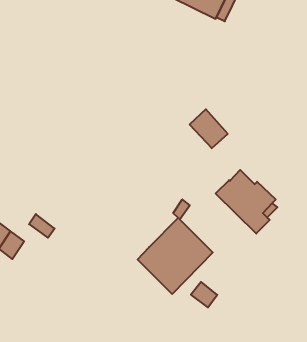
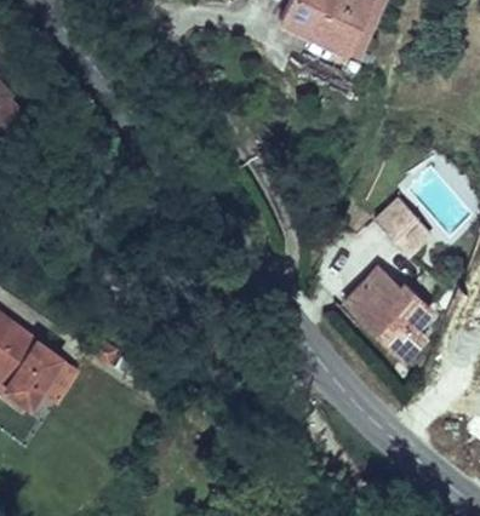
building: [190,109,228,148] -> [373,196,428,252]
building: [138,199,213,294] -> none

